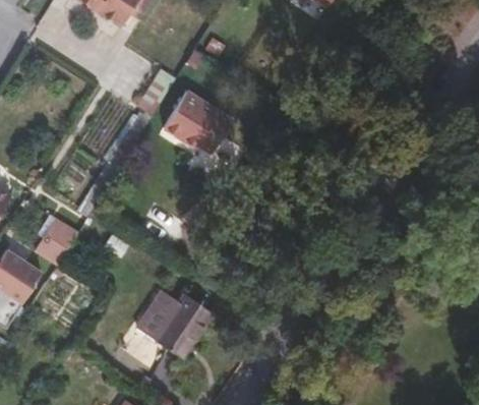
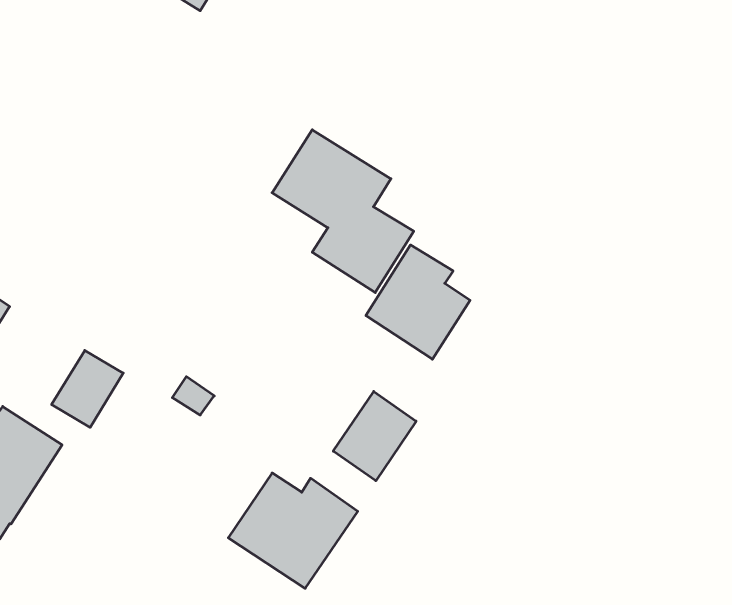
building: none -> [366,245,470,359]
building: none -> [333,391,416,481]

